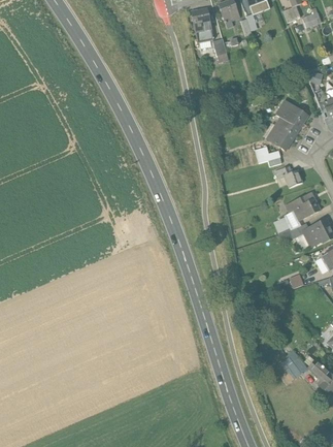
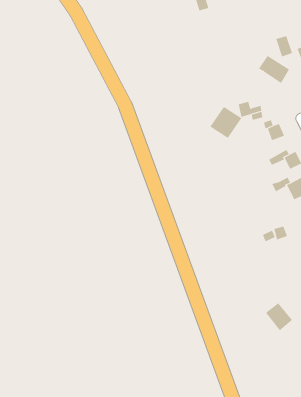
building: [266,116,299,148] -> [209,106,242,138]

